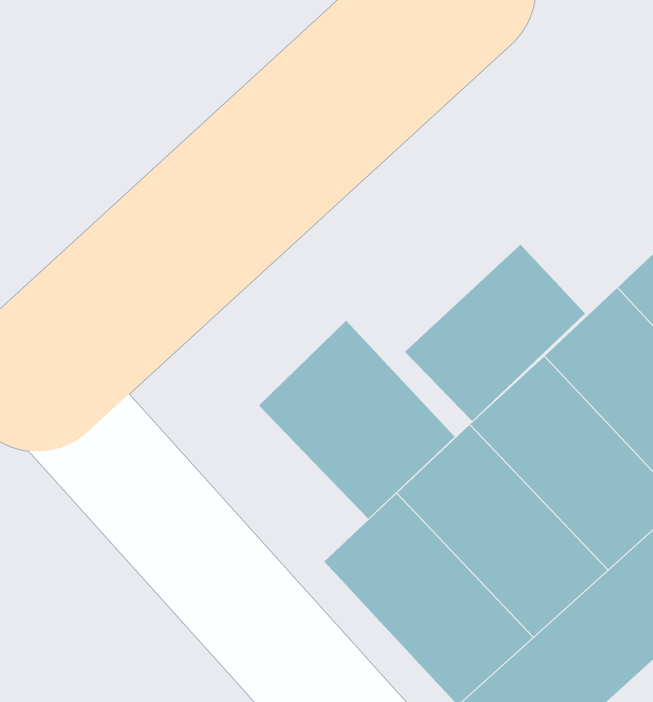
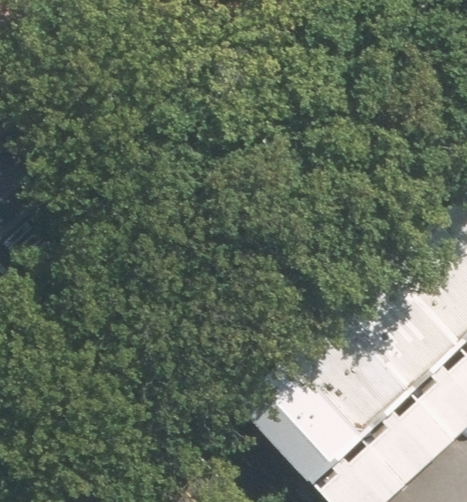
building: [404,244,586,422] -> none
building: [258,320,455,519] -> none

